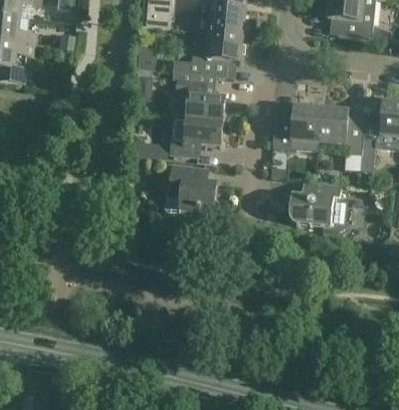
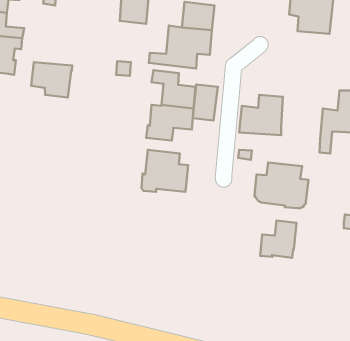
building: none -> [31,62,72,97]
building: none -> [193,84,218,121]
building: [319,108,365,154] -> none
building: none -> [260,220,297,258]

